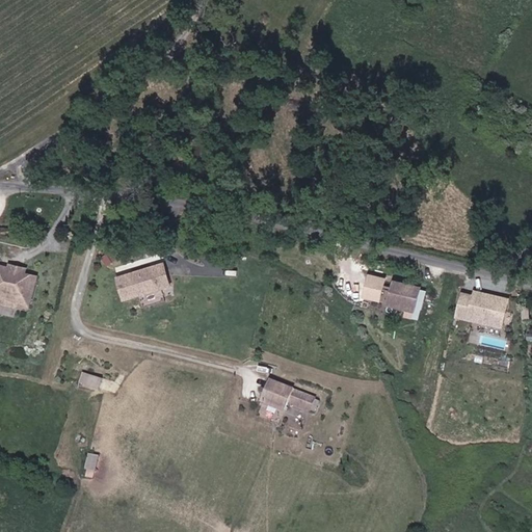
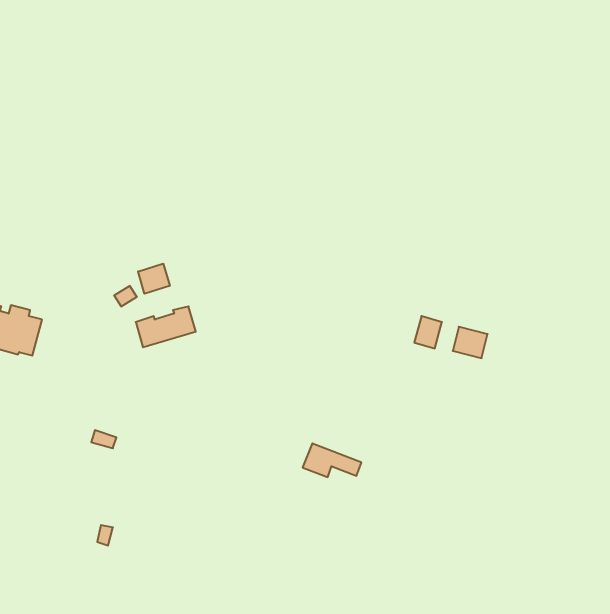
building: none -> [138,264,170,294]
building: [453,292,505,324] -> none

